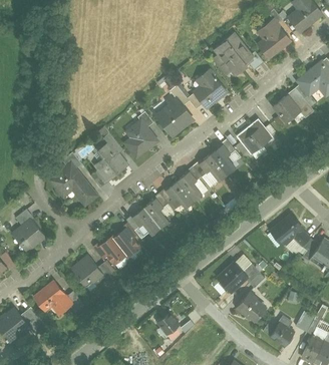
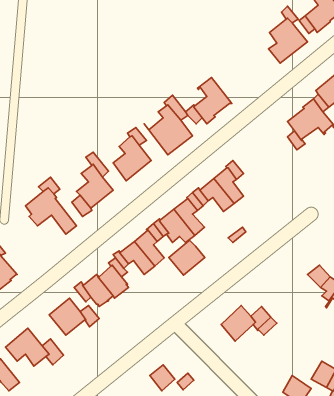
building: [214,34,263,75] -> none
building: [236,123,271,154] -> none
building: none -> [169,240,205,275]
building: [270,216,301,245] -> none
building: [234,292,265,322] -> none

